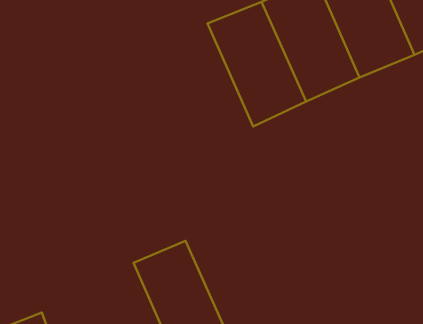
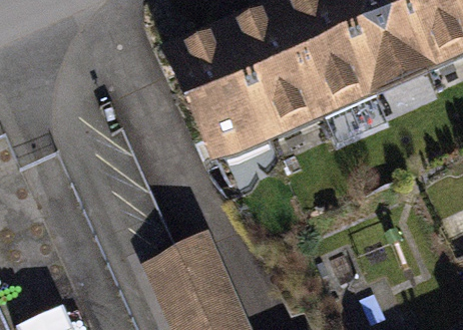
building: none -> [174,37,272,159]

